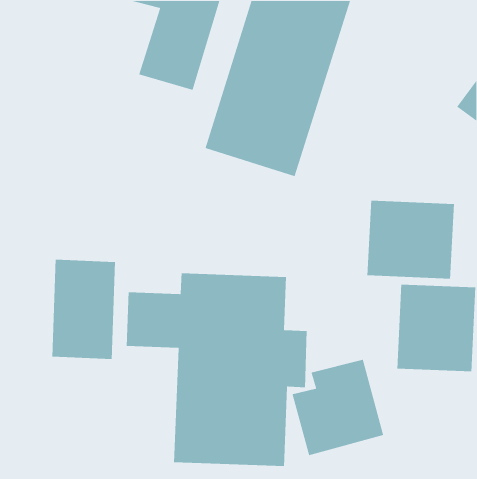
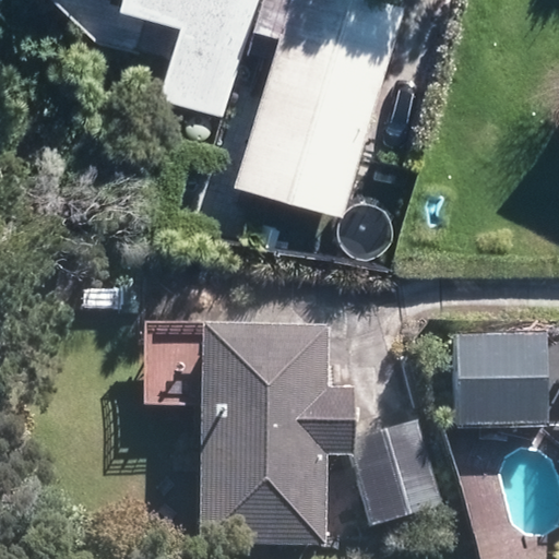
building: [367,200,455,279] -> none
building: [52,259,116,360] -> none

